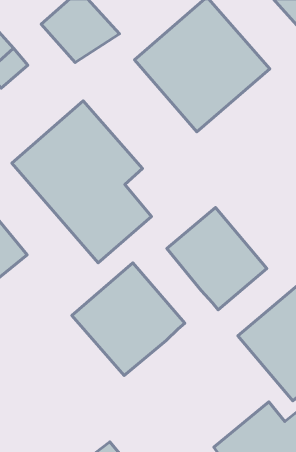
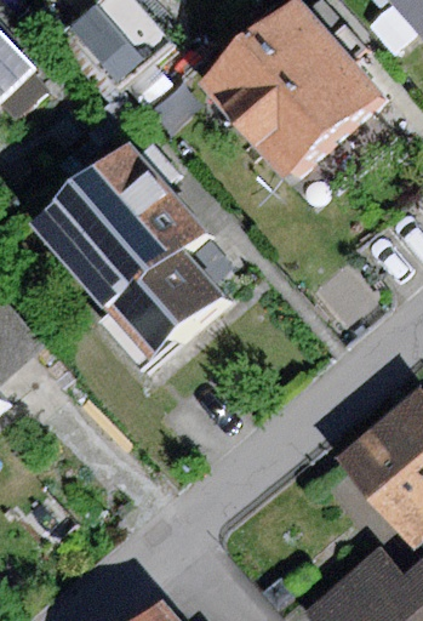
building: [167,207,267,310] -> none
building: [72,263,185,376] -> none

